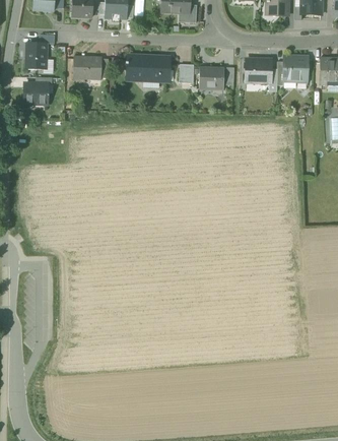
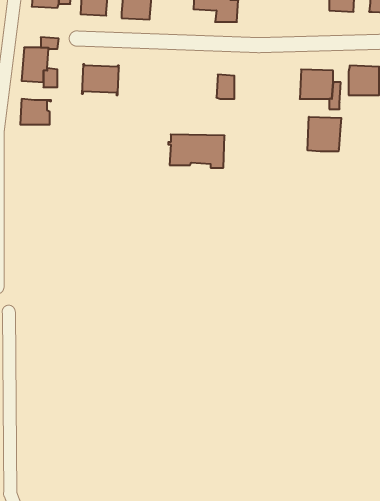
building: [125,55,170,81] -> [168,134,225,168]
building: [198,66,223,89] -> none
building: none -> [308,117,341,151]

